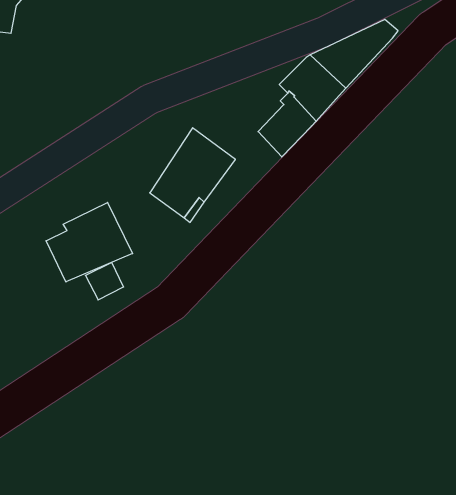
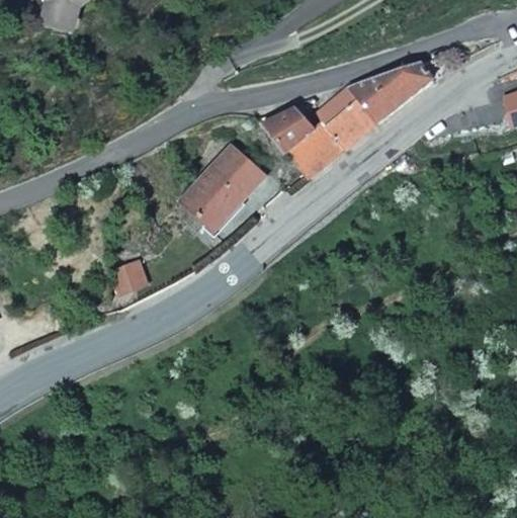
building: none -> [264,108,318,154]
building: [46,202,133,282] -> none

